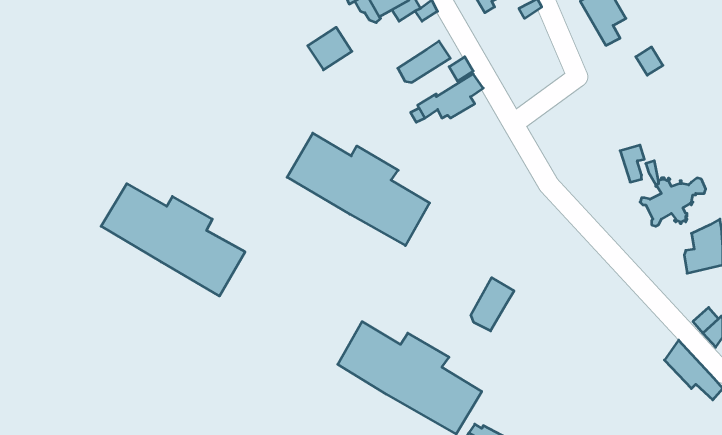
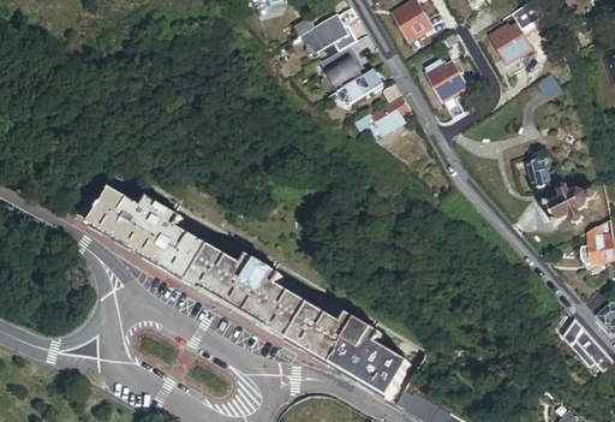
building: [308,27,352,70] -> [324,54,362,90]
building: none -> [423,57,465,103]
building: [287,133,430,246] -> [187,245,308,340]
building: [471,278,514,331] -> none

